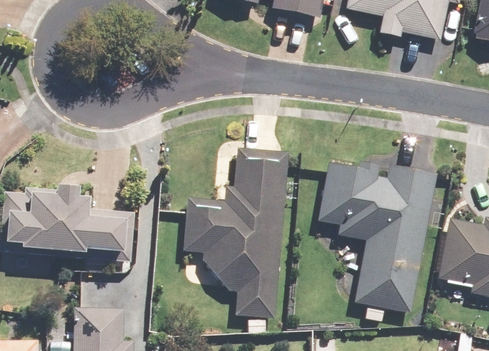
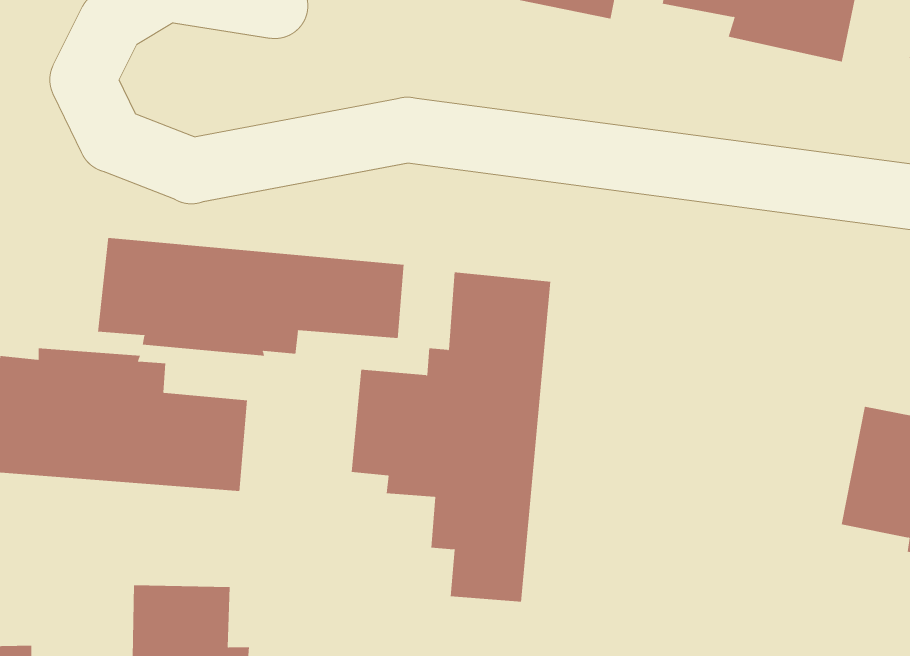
building: none -> [98,237,404,356]
building: [317,159,437,312] -> none

